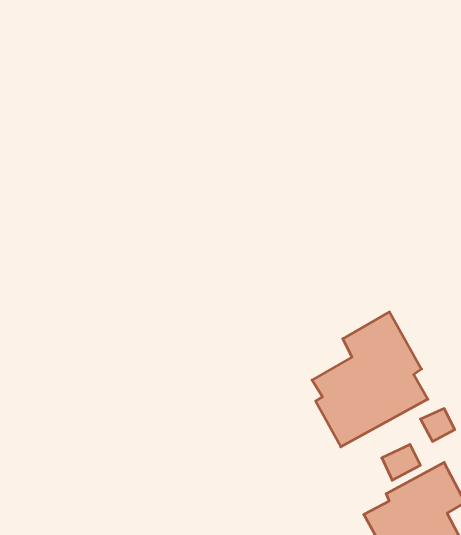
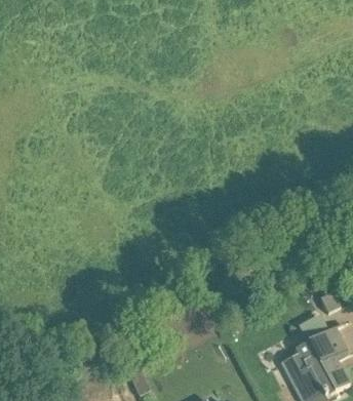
building: [312,312,428,447] -> none

